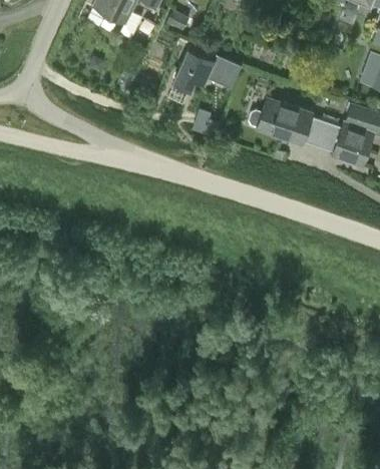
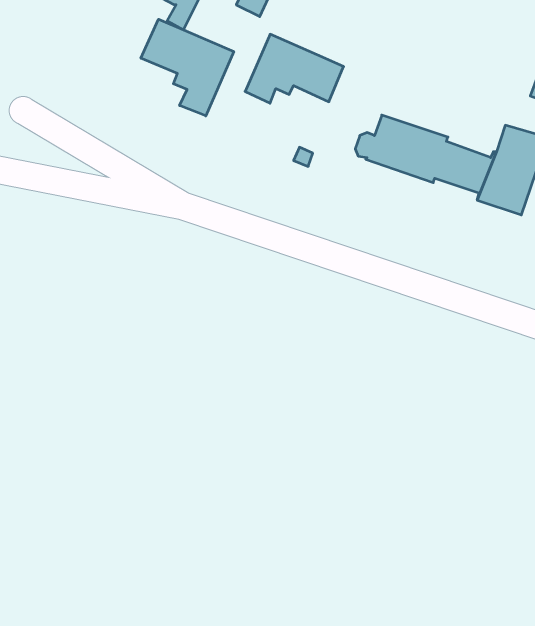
building: none -> [141,19,234,116]

